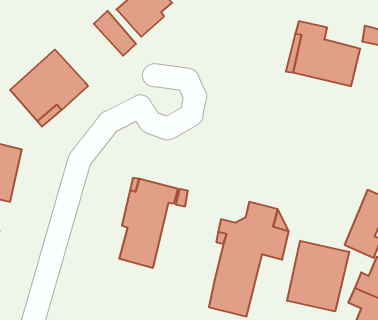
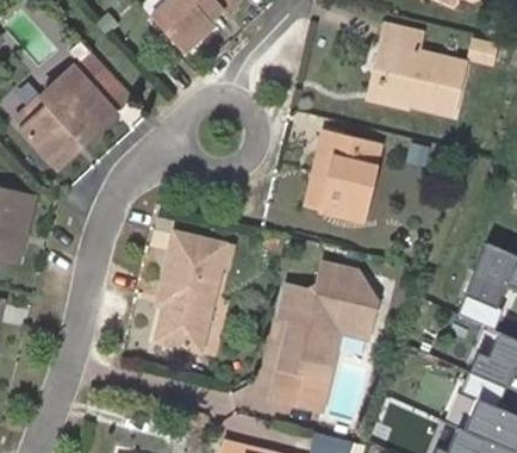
building: [94,11,136,56] -> [75,51,130,110]
building: none -> [310,131,381,218]
building: [287,241,349,311] -> none

